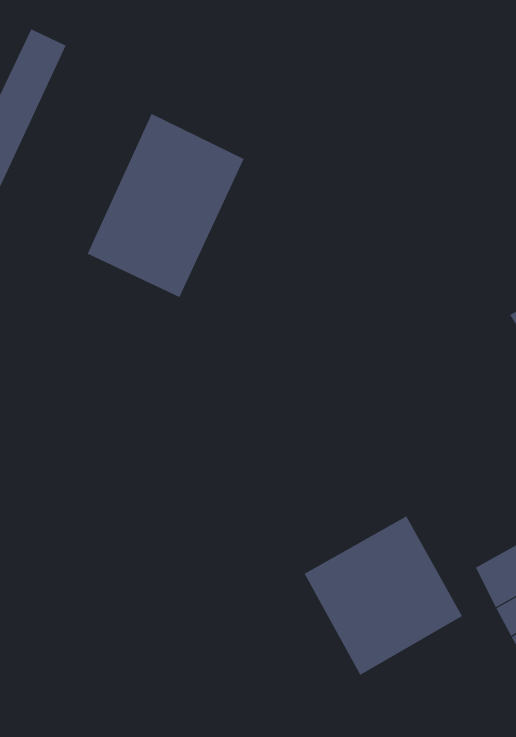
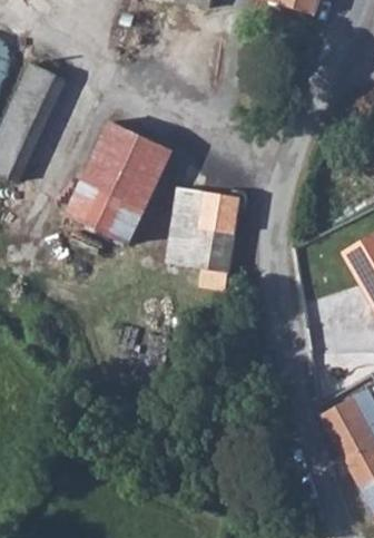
building: none -> [161,186,238,292]
building: [304,516,463,676] -> none

